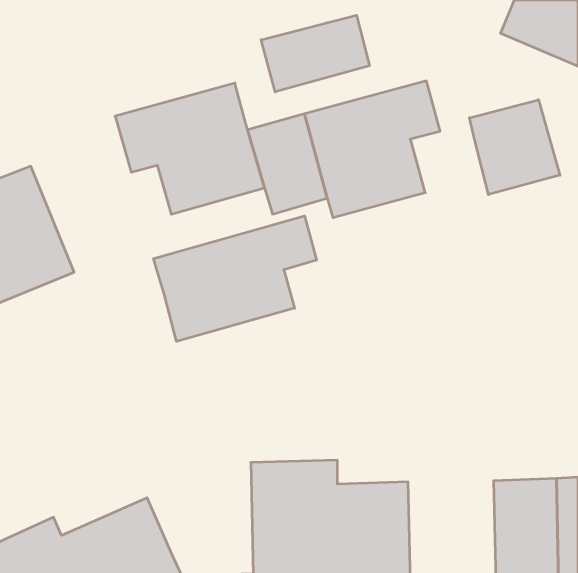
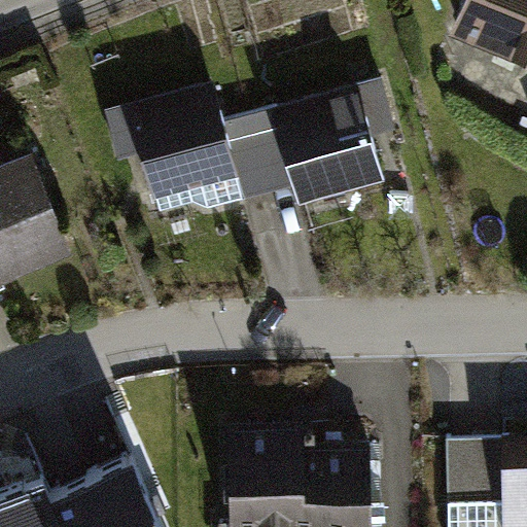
building: [261,15,369,92] -> none
building: [469,100,560,195] -> none
building: [154,216,317,341] -> none

